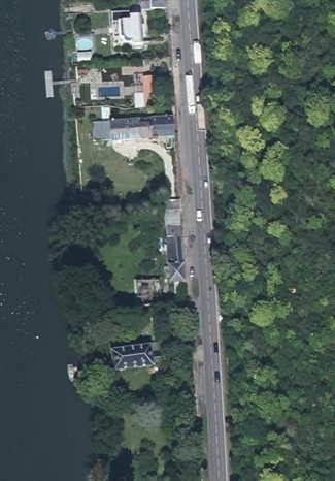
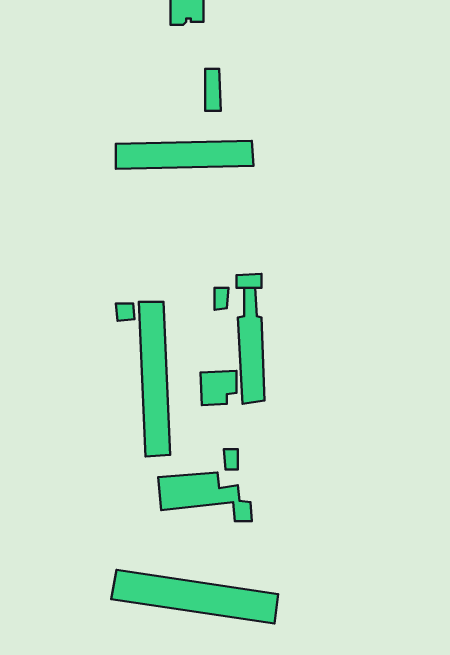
building: none -> [139,302,170,457]
building: none -> [111,570,278,623]

